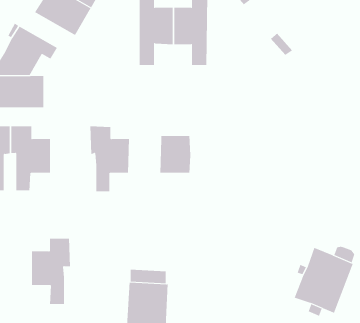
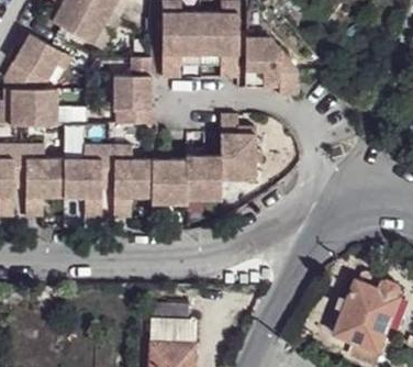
building: none -> [245,32,298,96]
building: none -> [113,59,155,125]
building: none -> [220,114,255,178]
building: none -> [152,159,187,204]
building: [31,238,71,304] -> [65,145,109,219]

